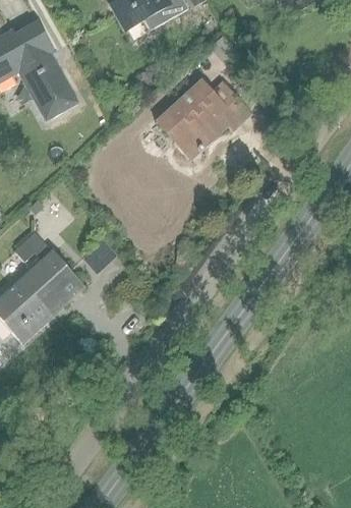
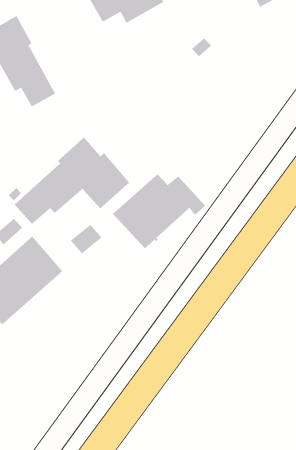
building: [155,79,251,158] -> [112,173,206,249]
building: none -> [14,137,130,225]

